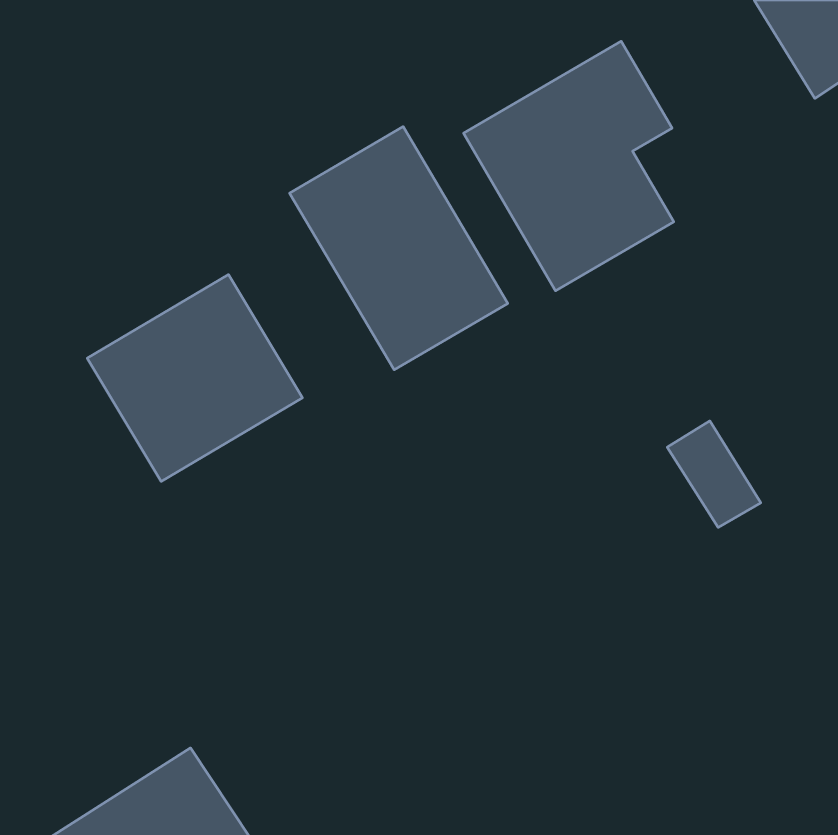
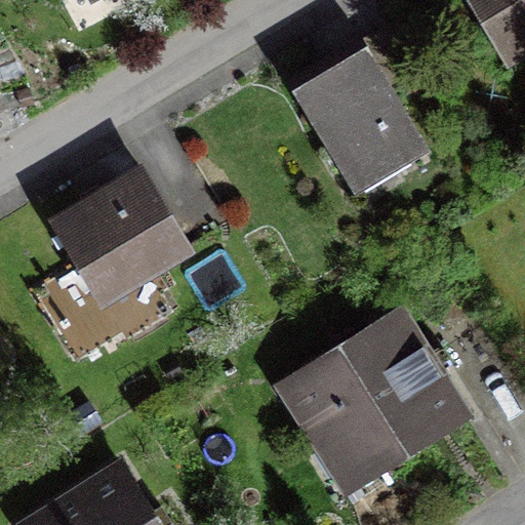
building: [289,127,508,370] -> none
building: none -> [282,316,466,471]

